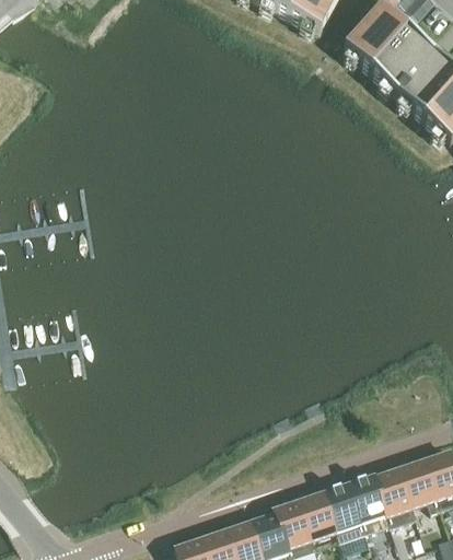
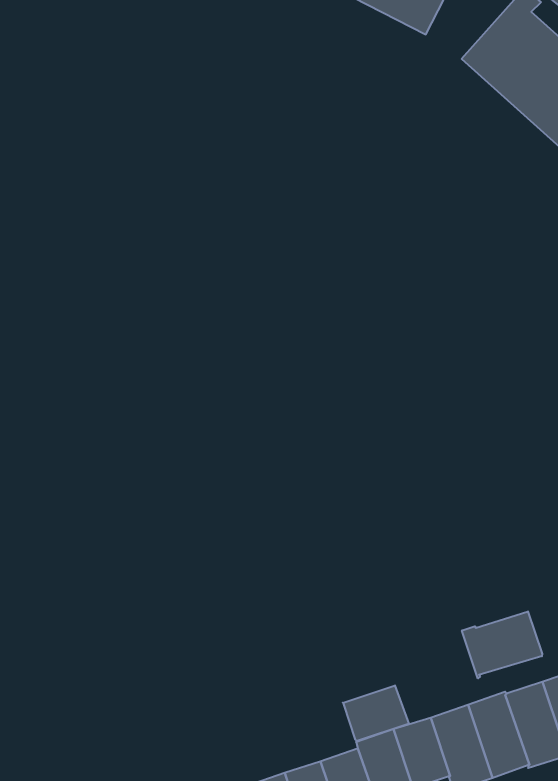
building: none -> [462,611,542,678]
building: none -> [343,685,409,741]

